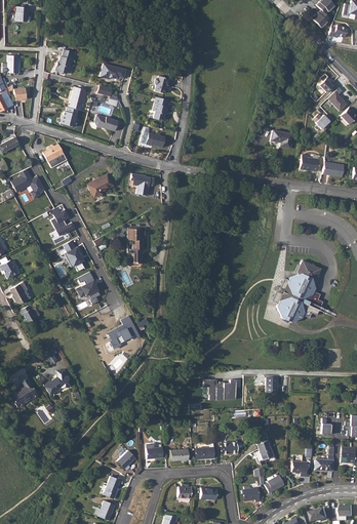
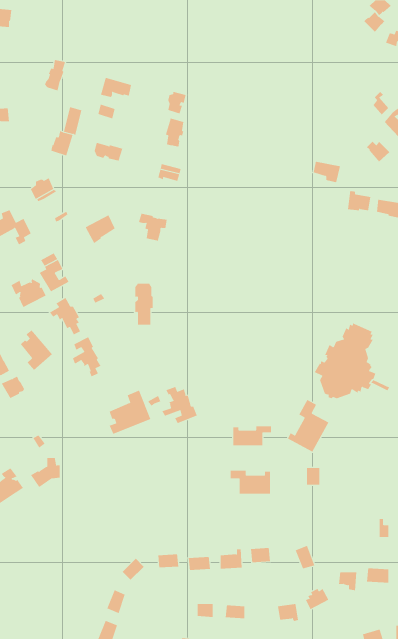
building: none -> [11,278,46,308]
building: none -> [20,329,53,371]
building: none -> [162,386,197,424]
building: none -> [287,399,329,452]
building: none -> [233,425,271,446]

